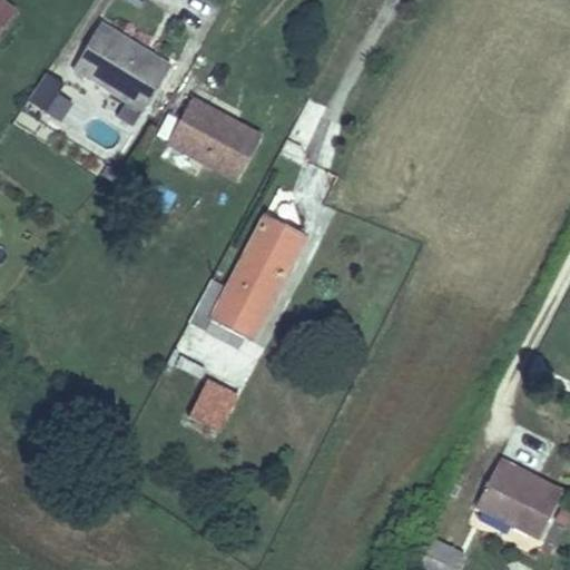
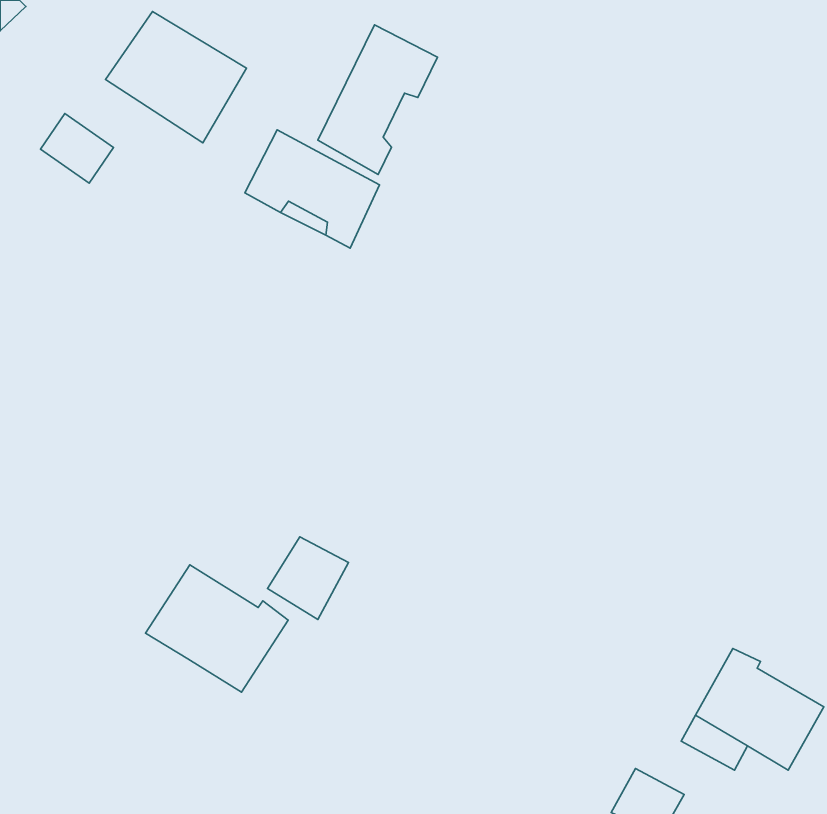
building: none -> [318,25,437,175]
building: [187,206,312,346] -> none
building: none -> [146,565,288,692]

